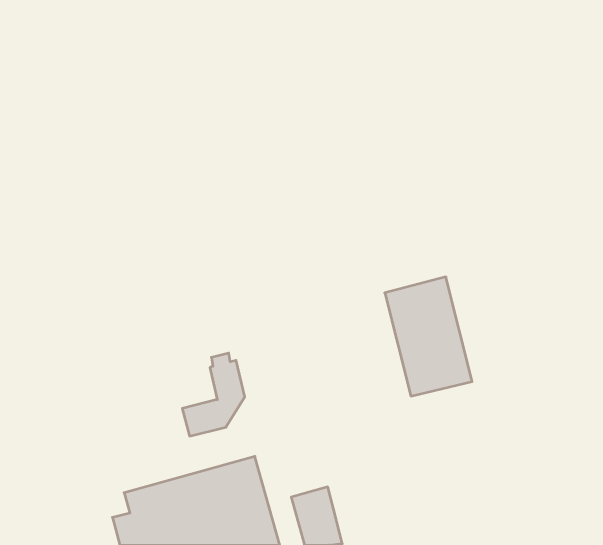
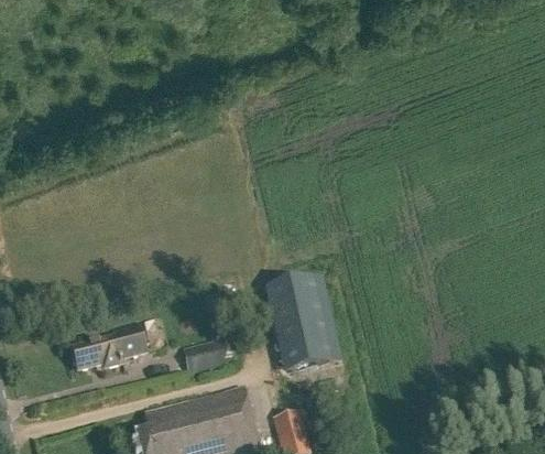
building: [385,277,472,396] -> [268,278,334,368]
building: none -> [75,322,144,369]

